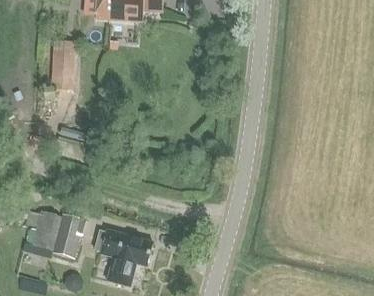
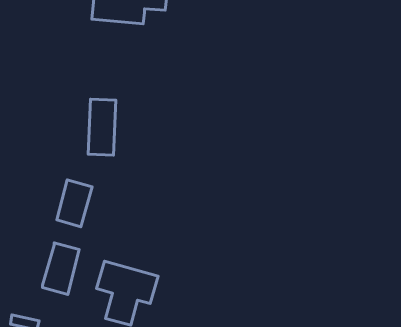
building: [50,40,74,89] -> [88,99,116,155]
building: [30,209,61,250] -> [57,180,92,227]

